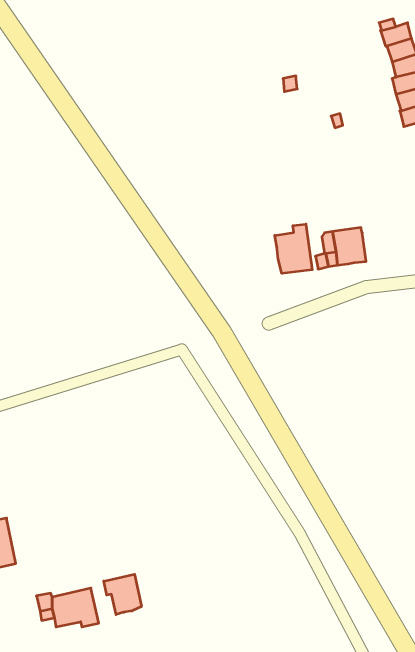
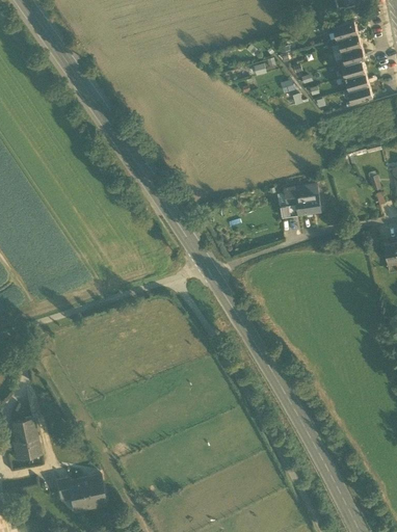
building: [275,224,312,273] -> none
building: [104,574,141,615] -> none

